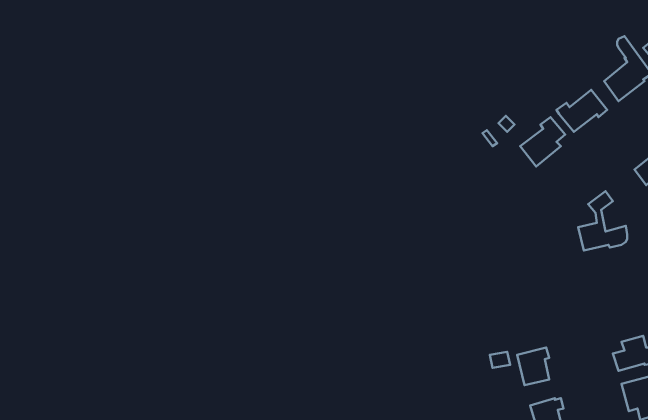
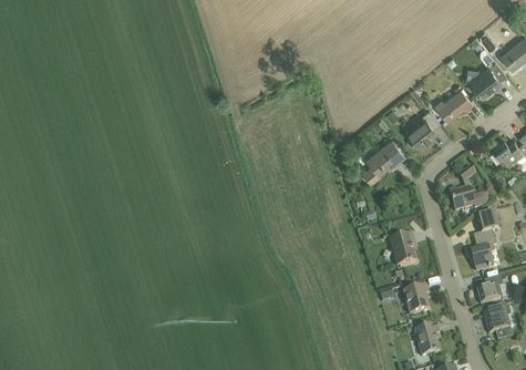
building: none -> [363,137,405,182]
building: none -> [471,212,498,271]
building: none -> [389,233,415,266]

